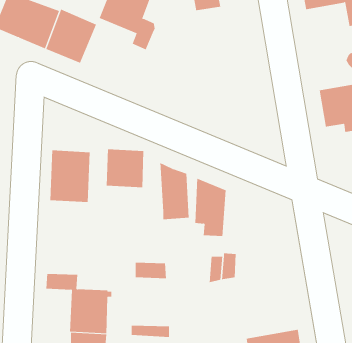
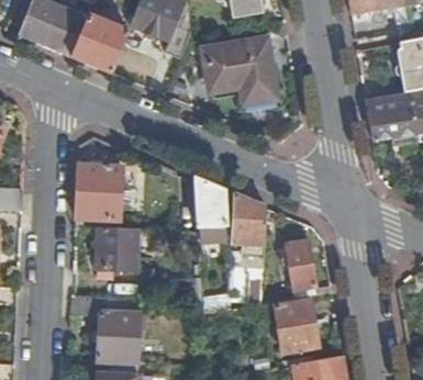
building: none -> [202,37,276,103]
building: [106,149,144,188] -> [97,226,137,268]
building: none -> [281,239,316,290]
building: none -> [276,299,318,350]

